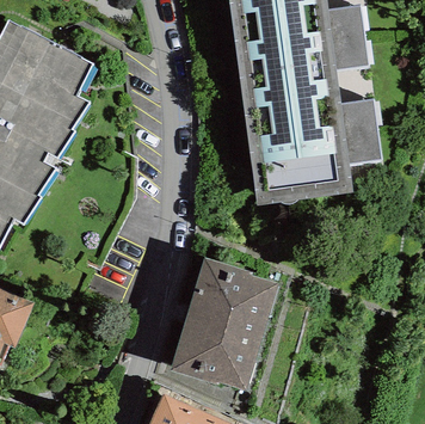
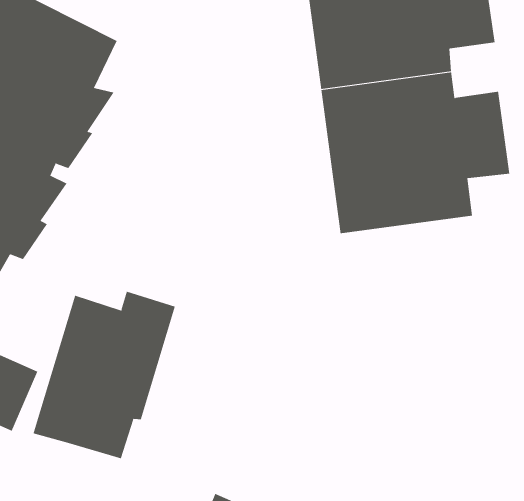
building: none -> [33,291,175,459]
building: [170,256,278,389] -> none

